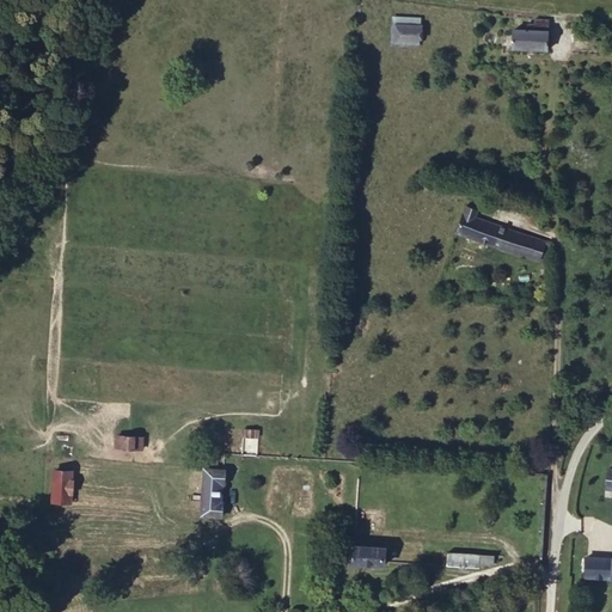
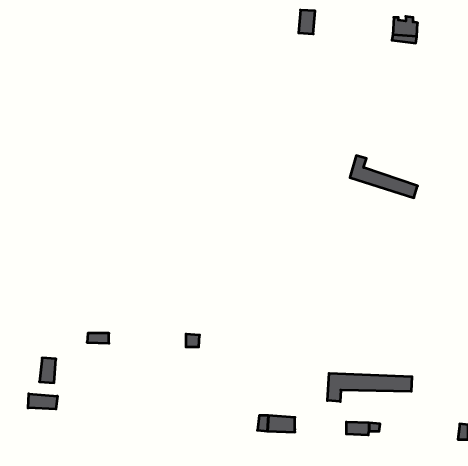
building: [197,469,227,519] -> none
building: none -> [327,373,412,402]
building: none -> [28,394,57,409]

